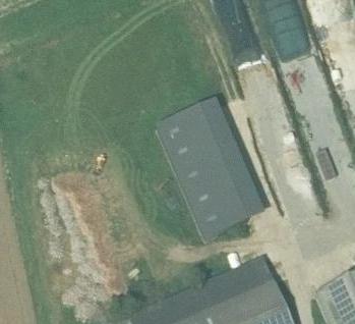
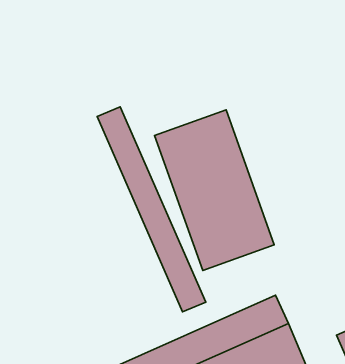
building: none -> [97,107,206,312]

